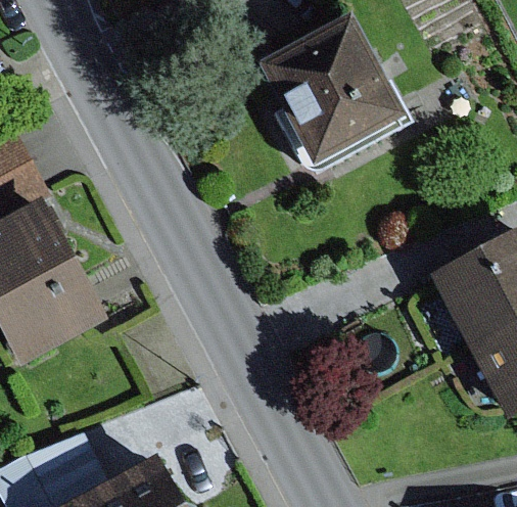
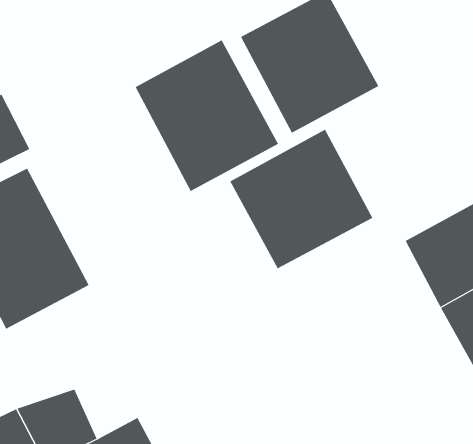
building: none -> [135,39,279,192]
building: none -> [230,129,373,269]

